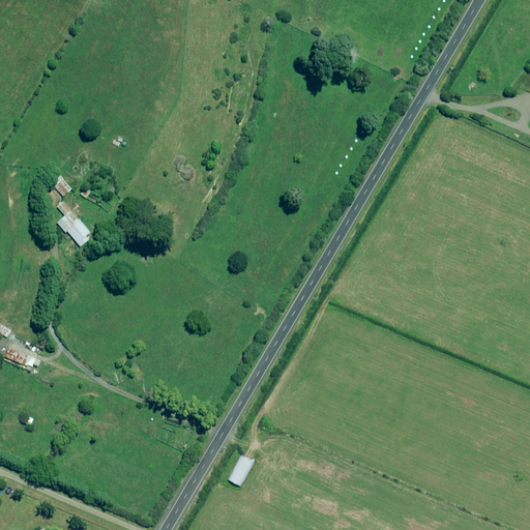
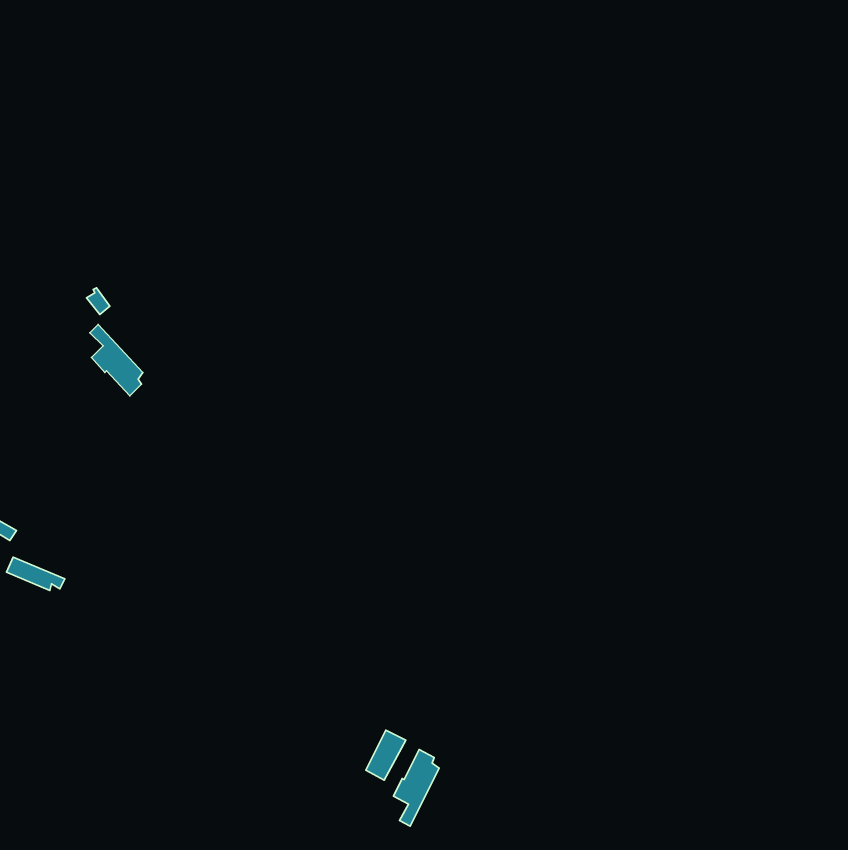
building: none -> [394,750,439,826]

